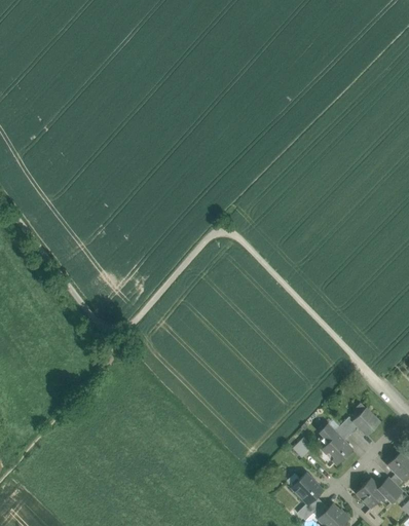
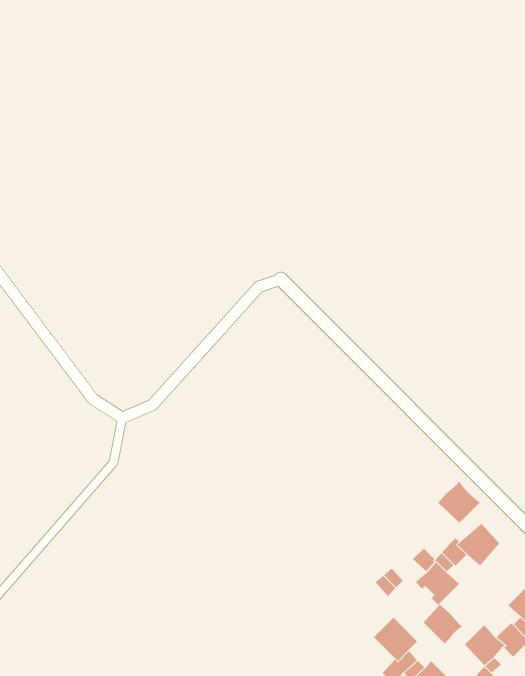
building: none -> [437,480,481,523]
building: none -> [423,604,463,644]

